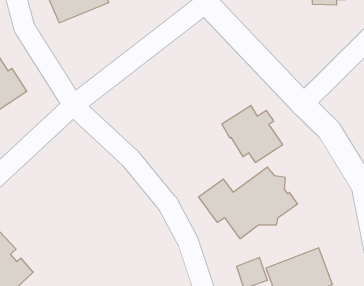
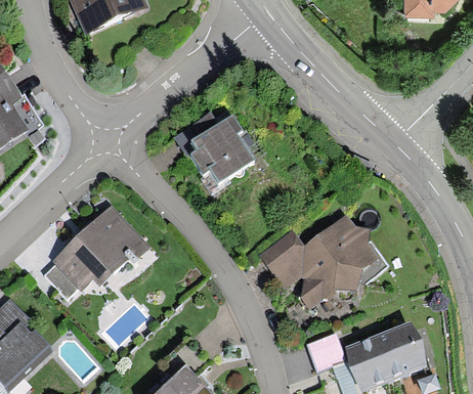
building: [222,105,283,162] -> [176,112,253,183]
building: none -> [46,207,152,297]

